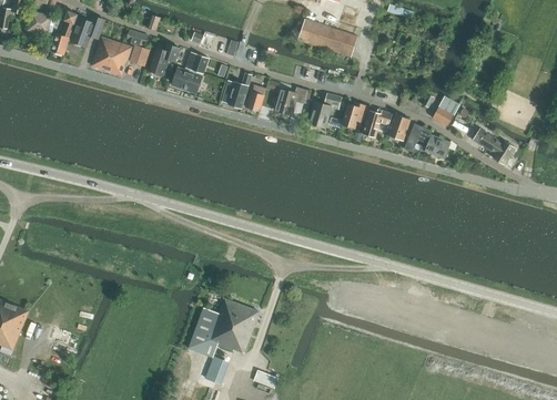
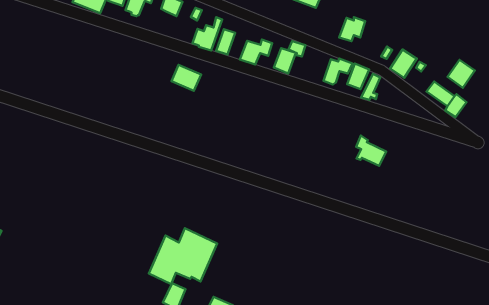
building: [171,66,202,93] -> [171,65,201,91]
building: [341,102,367,127] -> [339,17,365,41]
building: none -> [447,60,475,88]
building: [417,126,449,157] -> [356,136,386,166]

